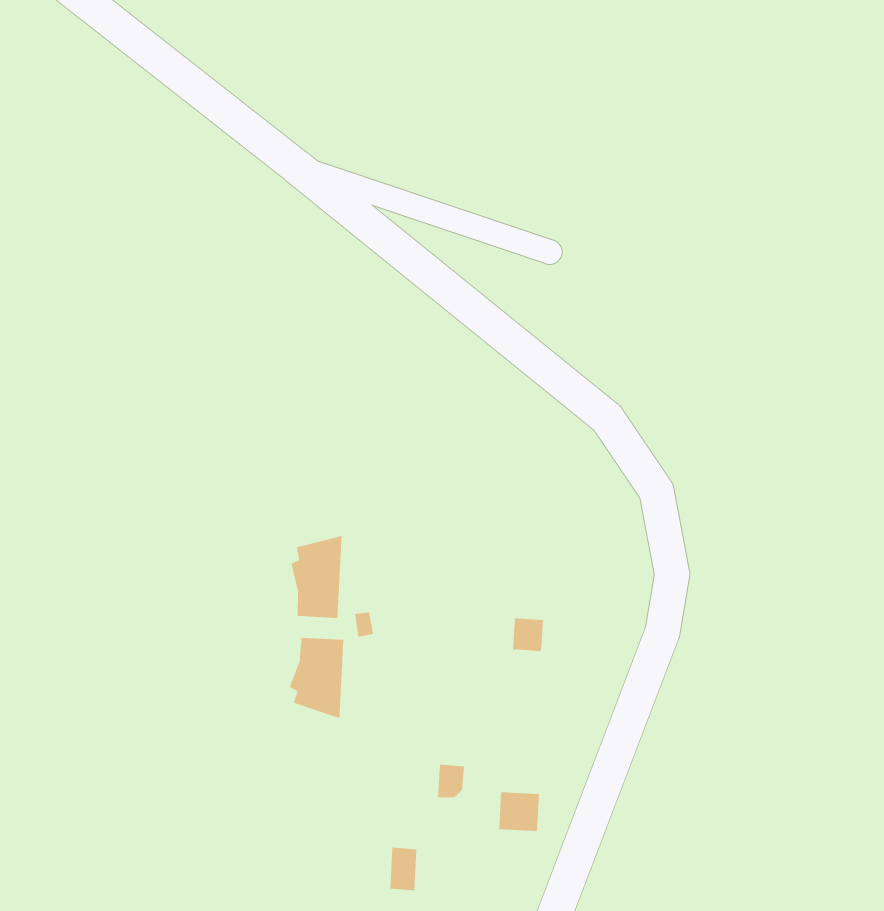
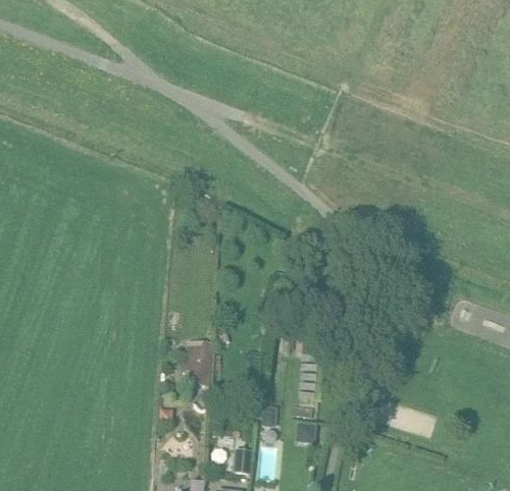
building: [291,535,342,619] -> none

